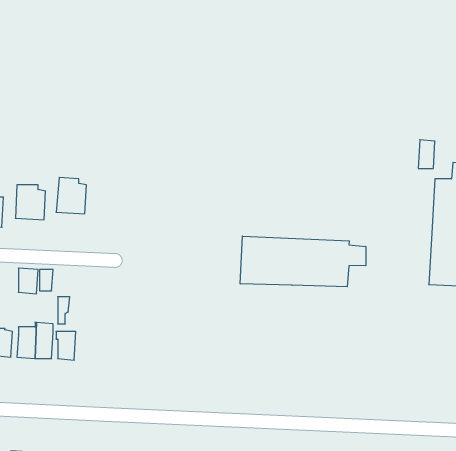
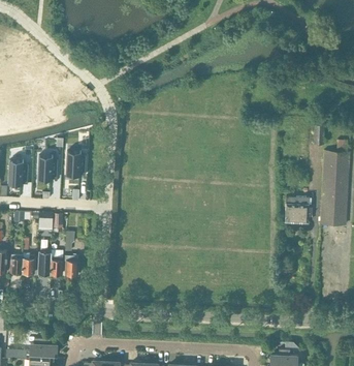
building: [240,236,366,287] -> none
building: none -> [285,196,309,223]

